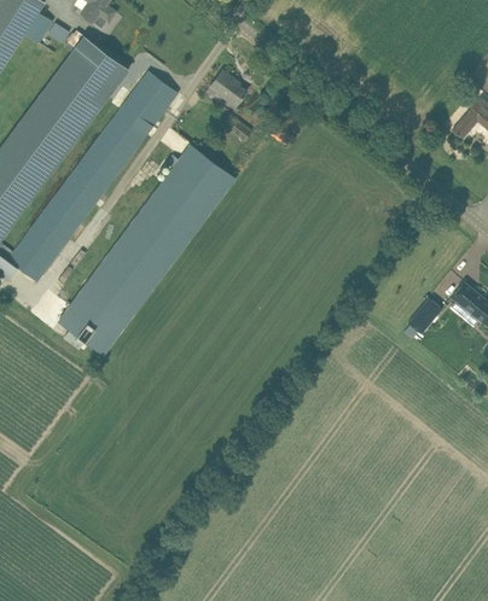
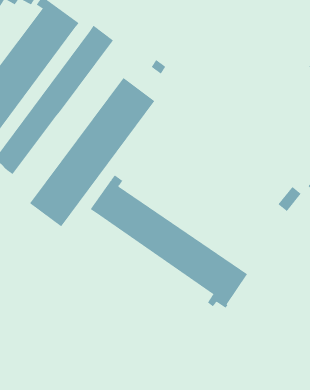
building: [210,71,246,106] -> none
building: none -> [90,174,248,308]

